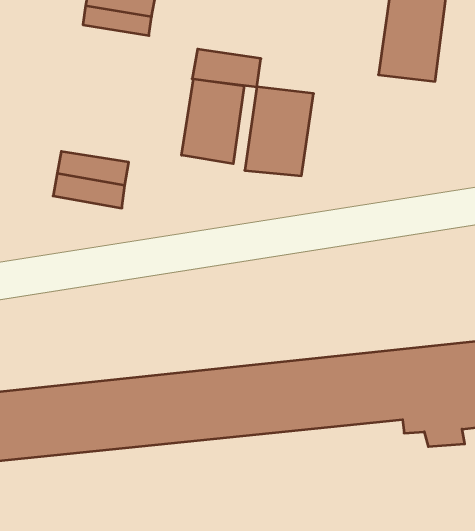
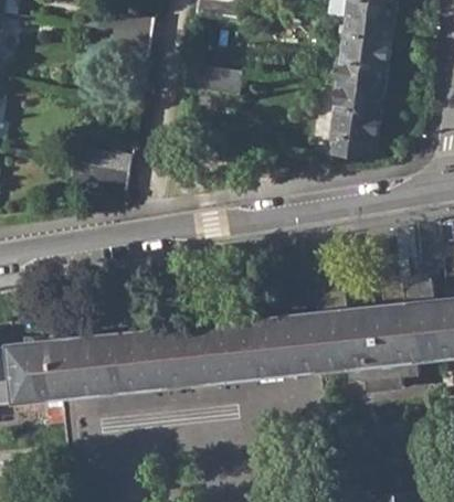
building: [182,79,244,164] -> none
building: [245,87,314,176] -> [327,84,383,157]

